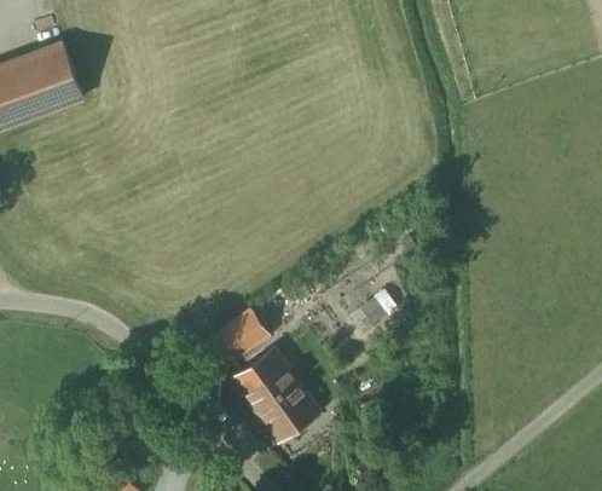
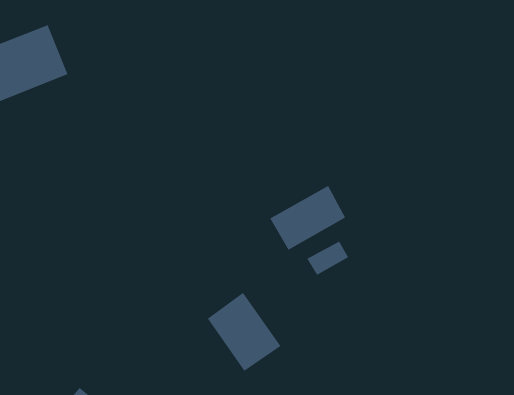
building: none -> [269,185,346,251]
building: [208,312,264,365] -> none

